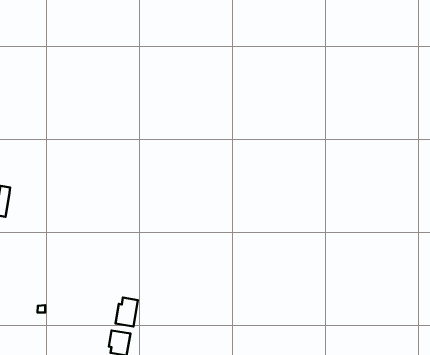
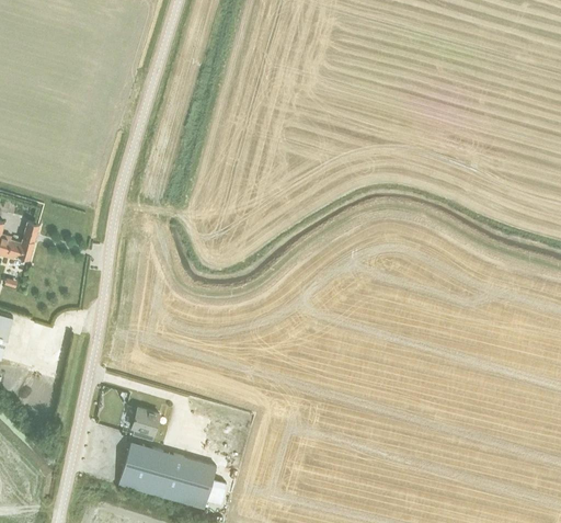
building: [116,297,138,326] -> none

